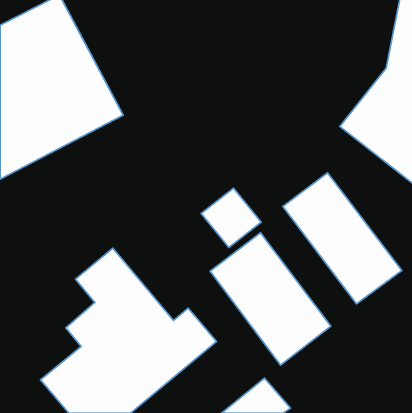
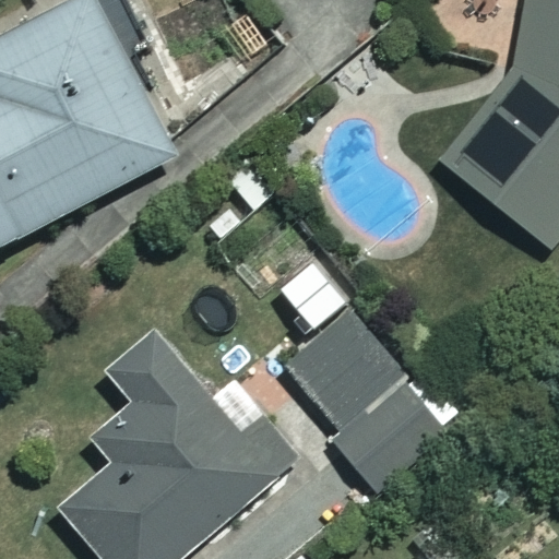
building: [283,173,402,304] -> none

